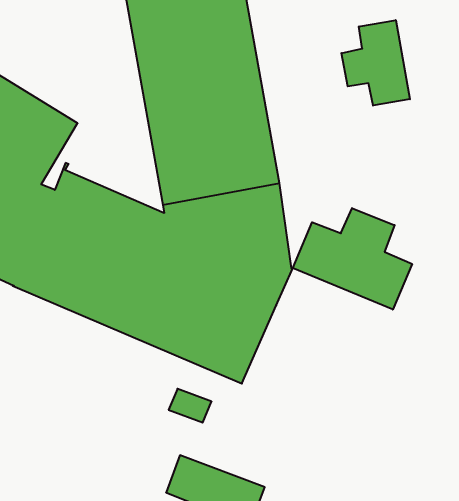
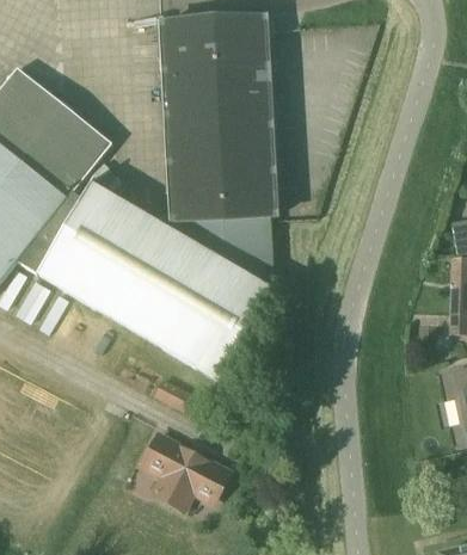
building: [341,20,410,106] -> none
building: [293,208,412,310] -> none

